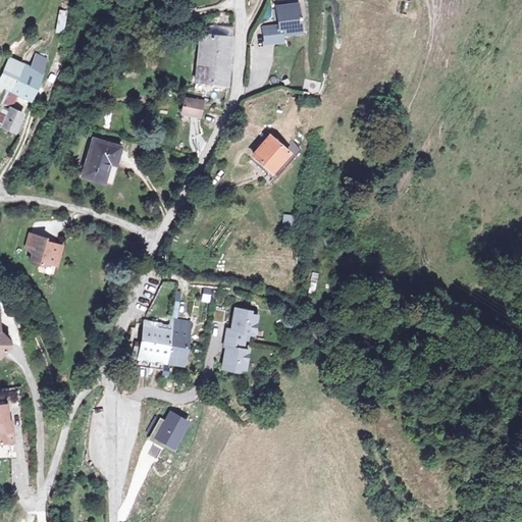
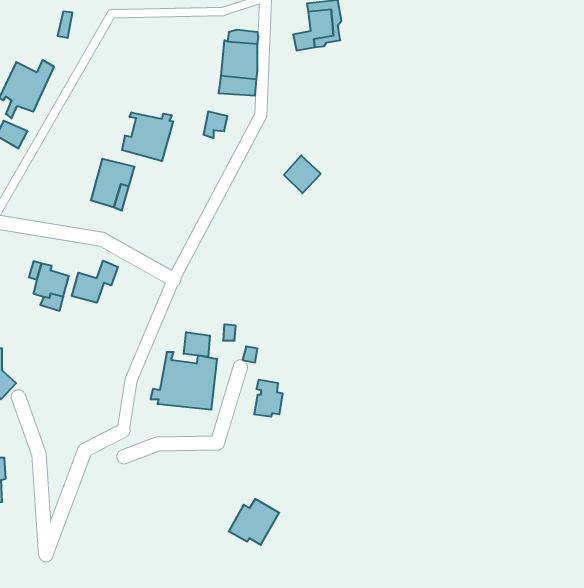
building: none -> [122,112,173,161]
building: none -> [72,261,118,303]
building: none -> [184,332,210,357]
building: [229,307,260,340] -> none
building: [144,411,189,452] -> [229,499,279,545]

